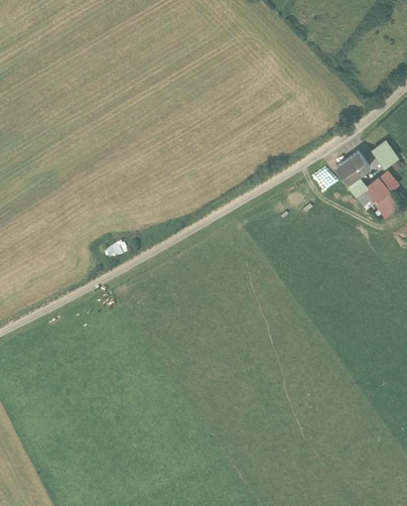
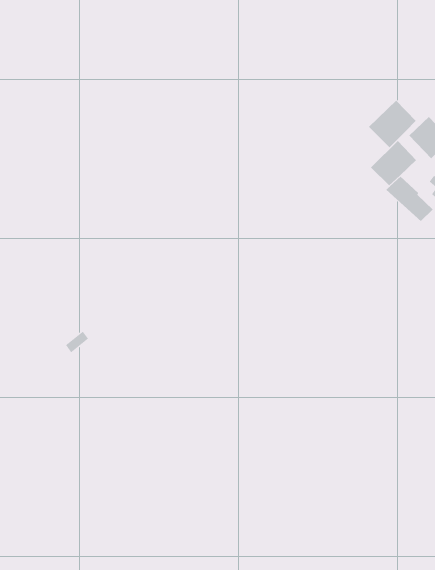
building: none -> [368,100,416,148]

